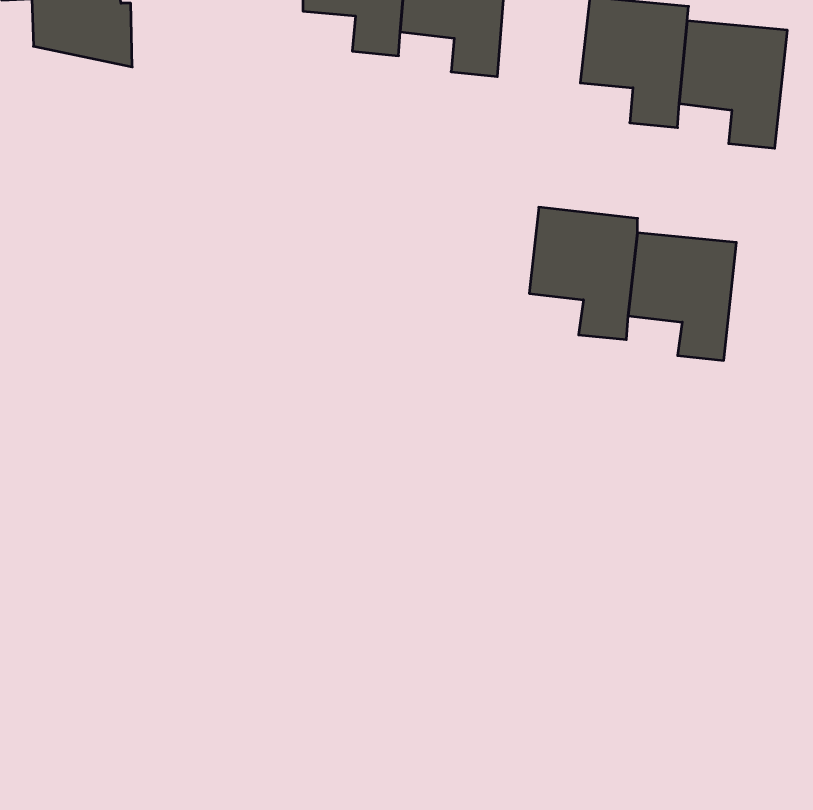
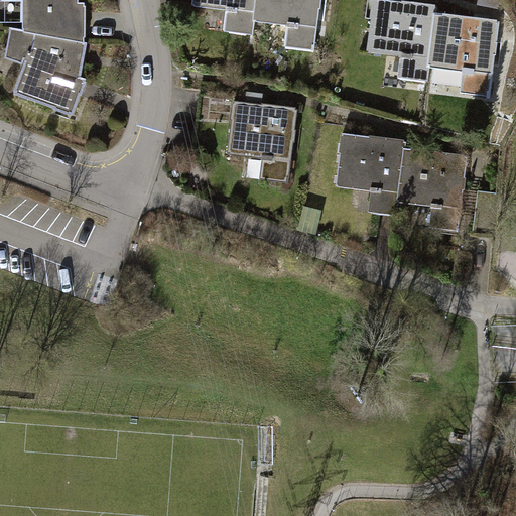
building: none -> [5,27,84,113]
building: none -> [226,100,294,183]

